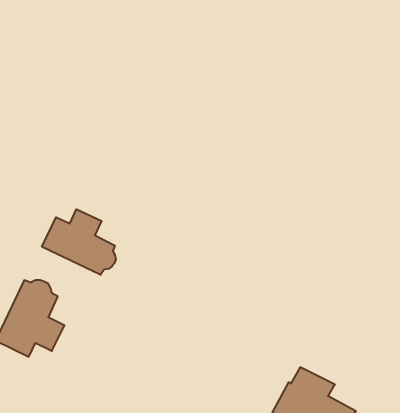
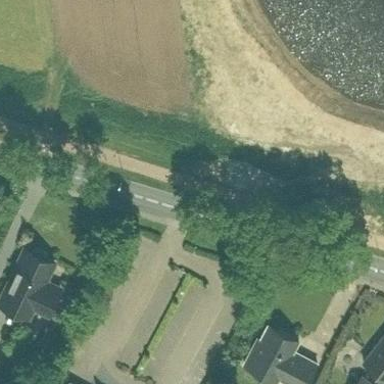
building: [42,209,116,275] -> none

